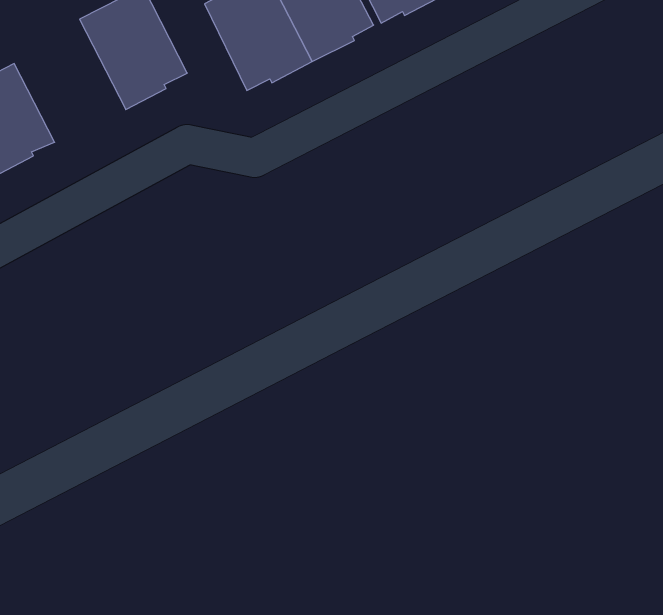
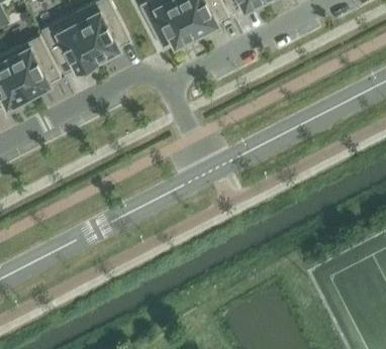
building: none -> [40,15,98,78]

